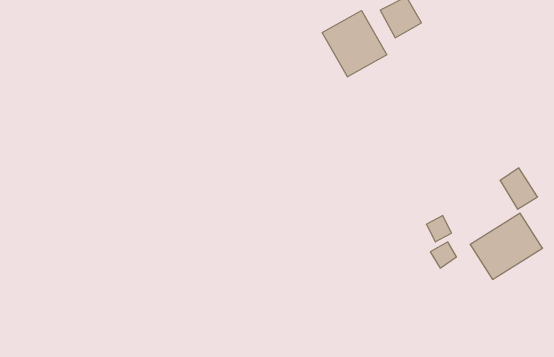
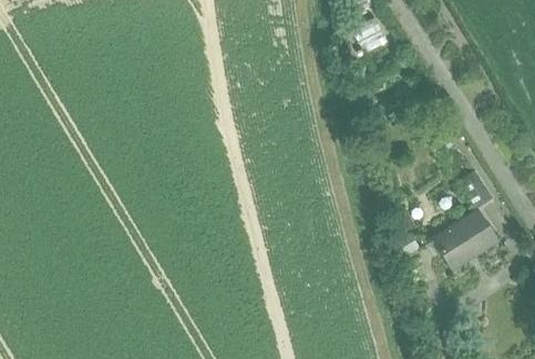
building: [322,11,387,77] -> none

